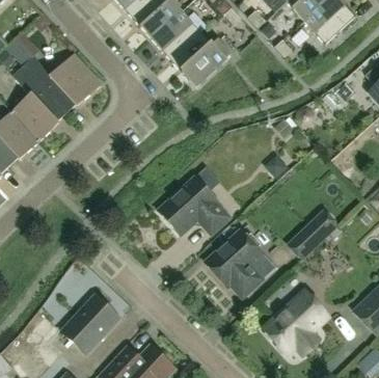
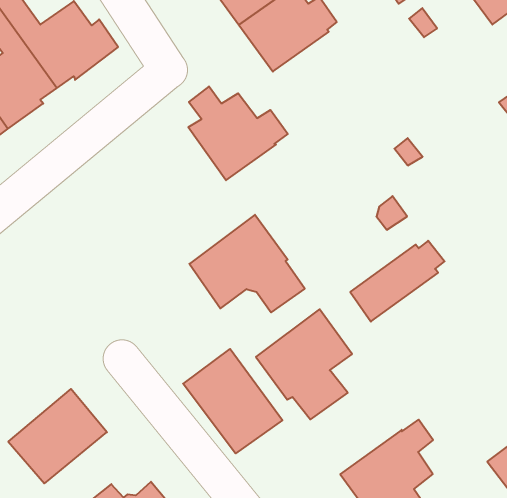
building: none -> [188,86,288,180]
building: [287,206,342,259] -> [350,241,445,322]
building: none -> [183,349,282,453]

